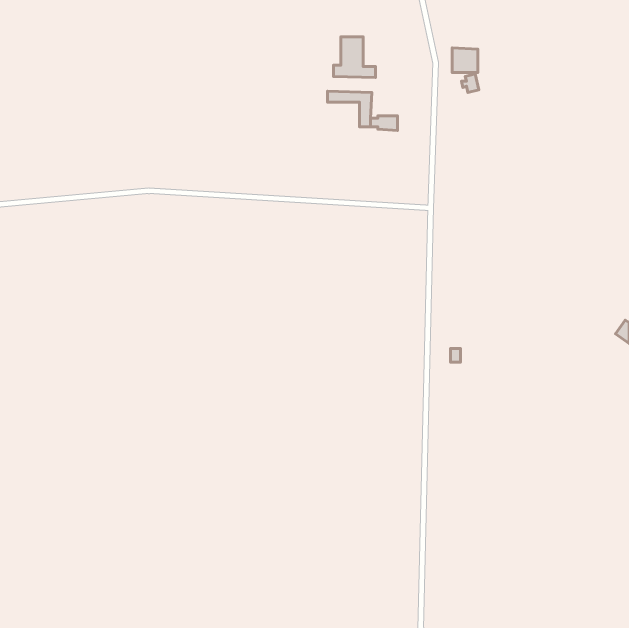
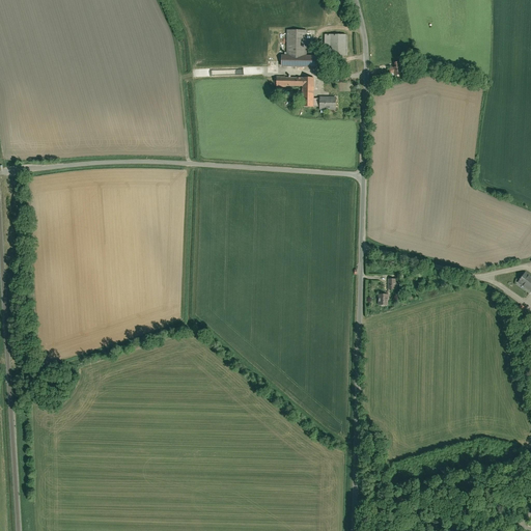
building: [452,48,478,72] -> [325,34,346,55]

